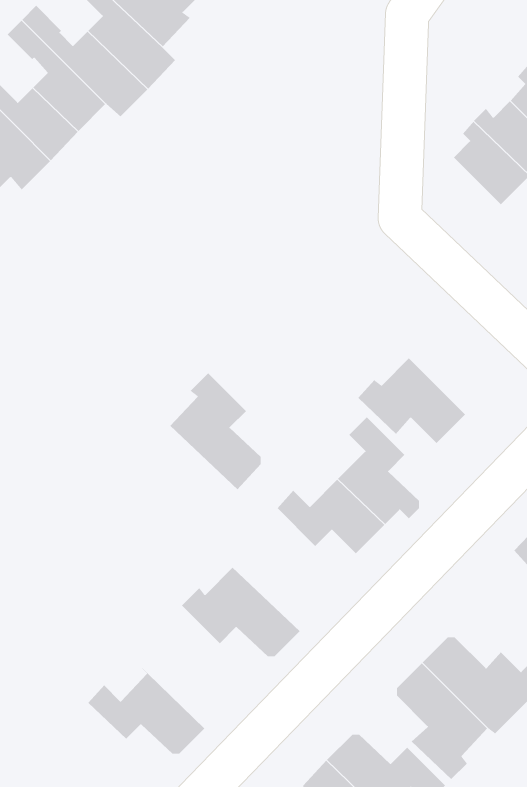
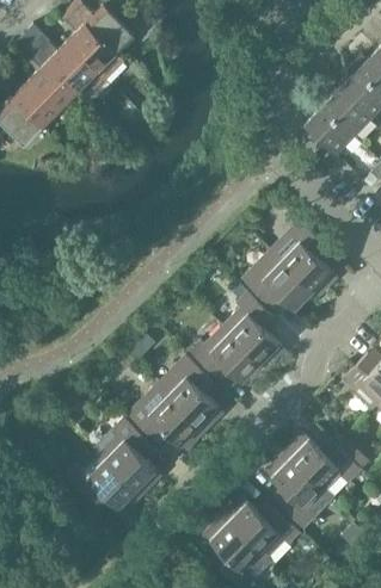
building: none -> [276,221,336,297]
building: [170,372,261,490] -> [161,355,221,432]
building: none -> [99,419,160,495]

